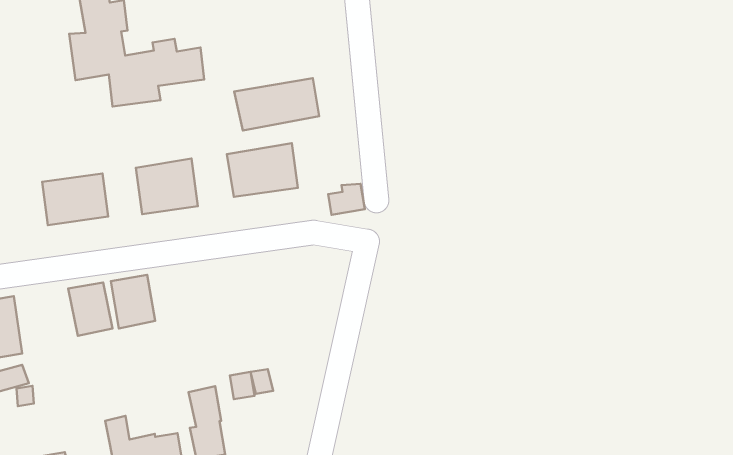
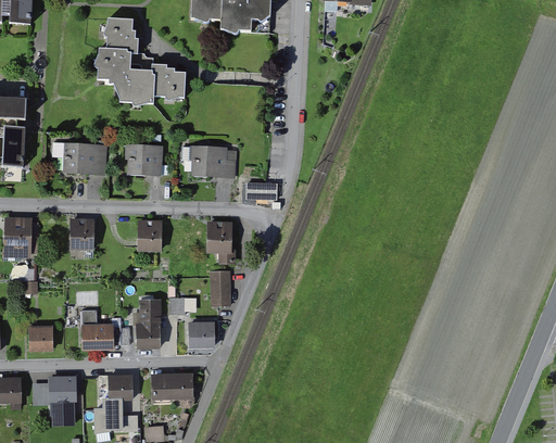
building: [234,78,319,131] -> none
building: none -> [206,219,231,252]
building: [111,275,155,329] -> [137,220,162,253]
building: none -> [208,273,227,305]
building: none -> [188,324,211,347]

